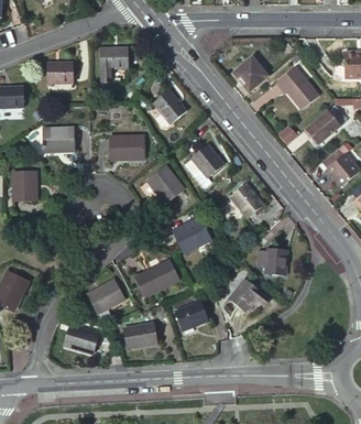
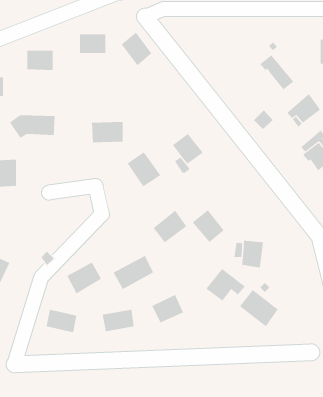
building: [238,51,274,87] -> none
building: [154,88,186,123] -> [121,32,152,66]
building: [232,185,265,219] -> [192,210,224,243]
building: none -> [239,289,278,327]

